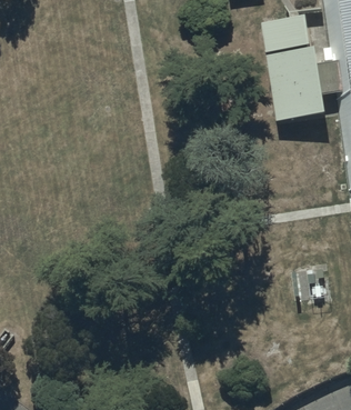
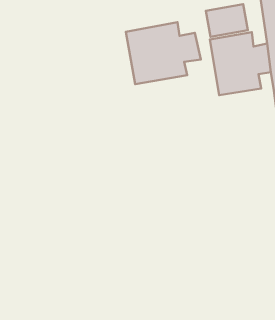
building: none -> [126,22,201,84]

